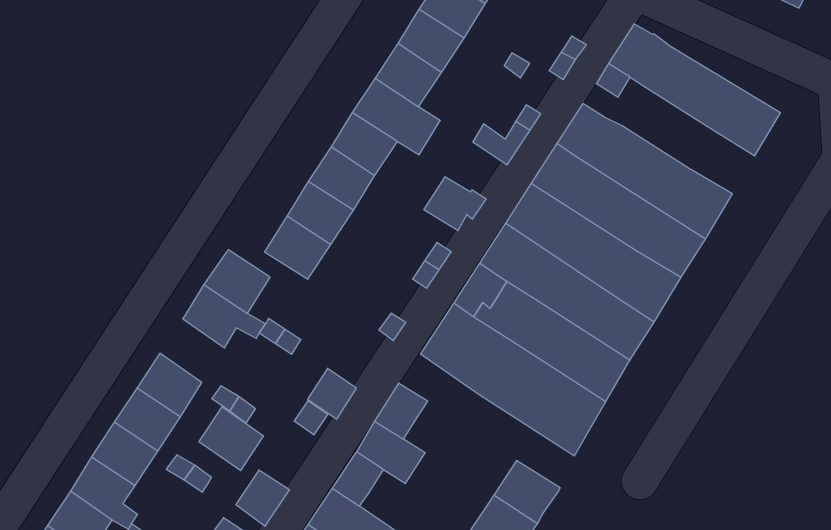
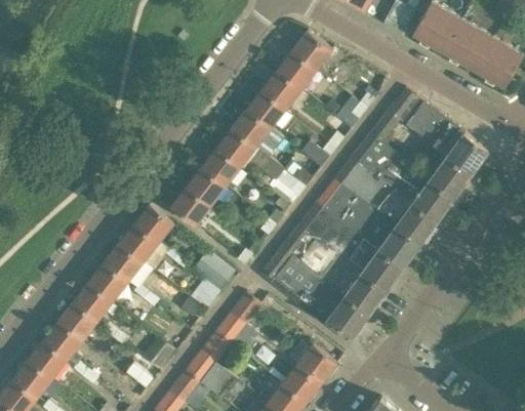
building: none -> [431,156,471,195]
building: none -> [193,249,237,291]
building: [199,407,264,471] -> [105,242,144,281]

